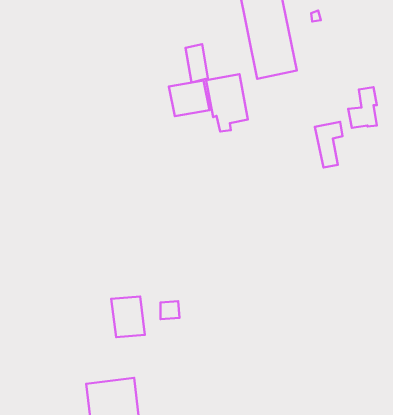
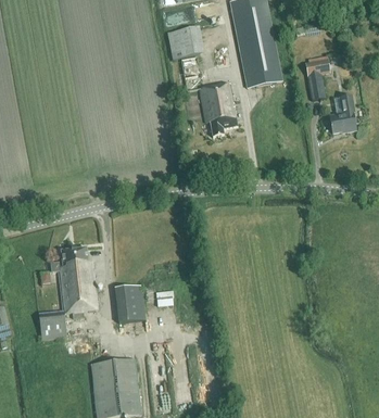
building: [169,80,210,116] -> [167,26,204,59]
building: [315,122,342,167] -> [304,58,329,99]
building: none -> [39,246,98,339]

